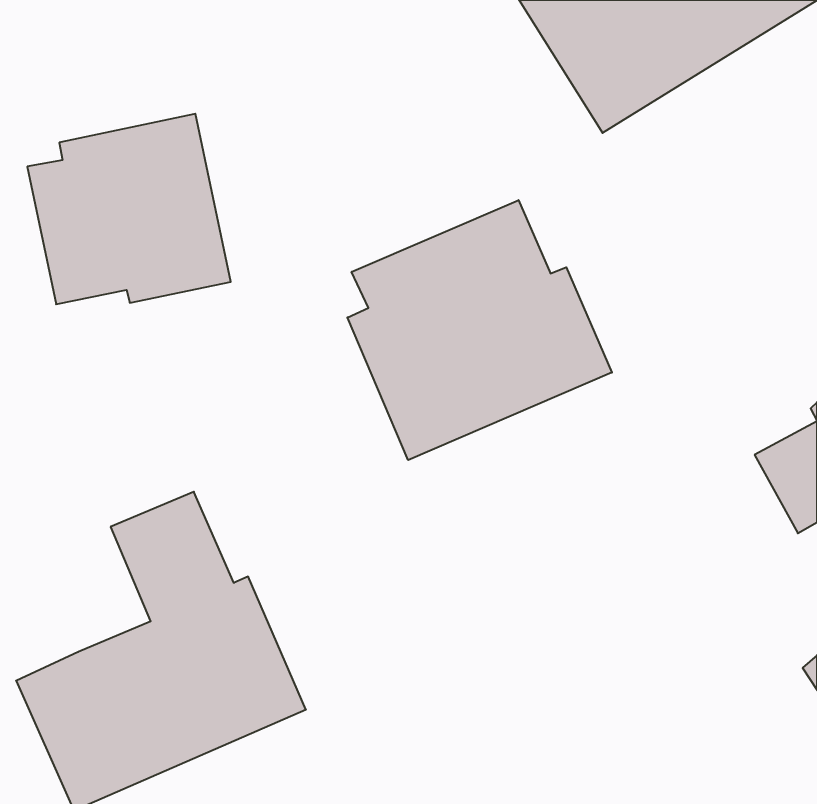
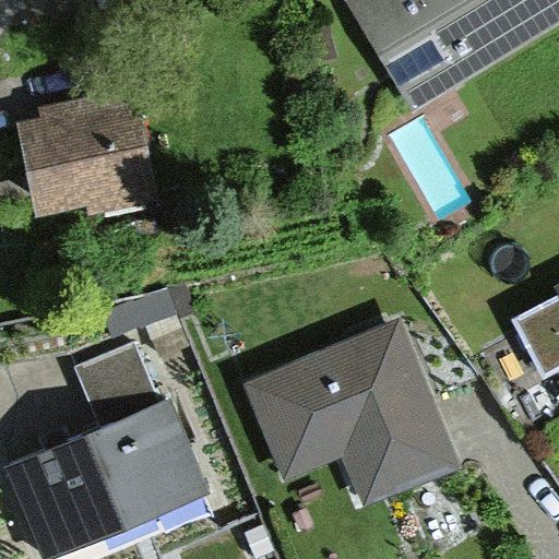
building: [347,200,612,460] -> none
building: none -> [246,319,454,501]

